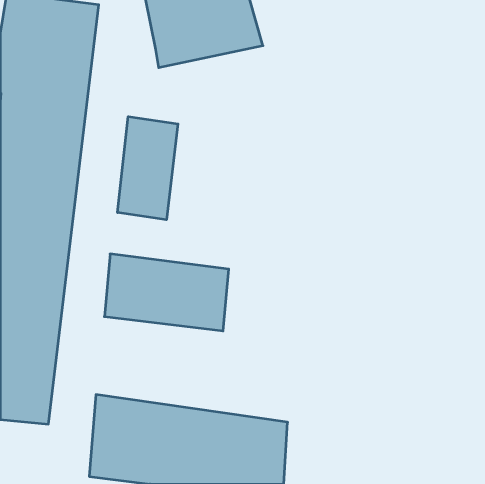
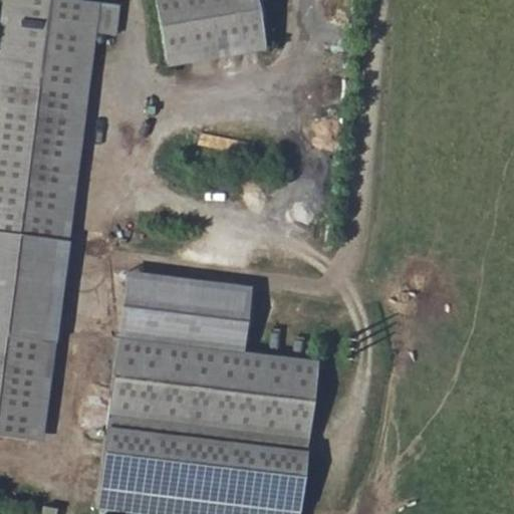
building: [118,117,178,220] -> none
building: none -> [101,334,312,446]

